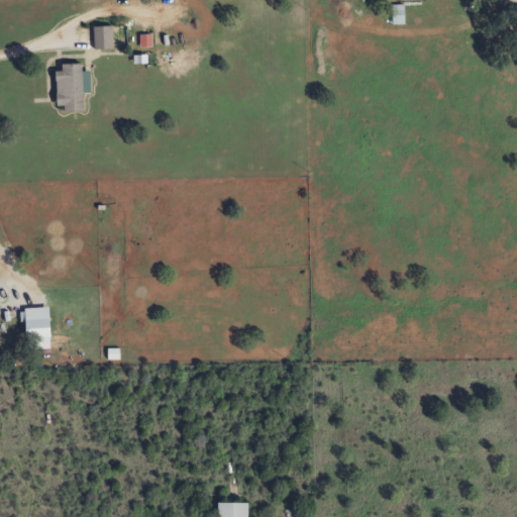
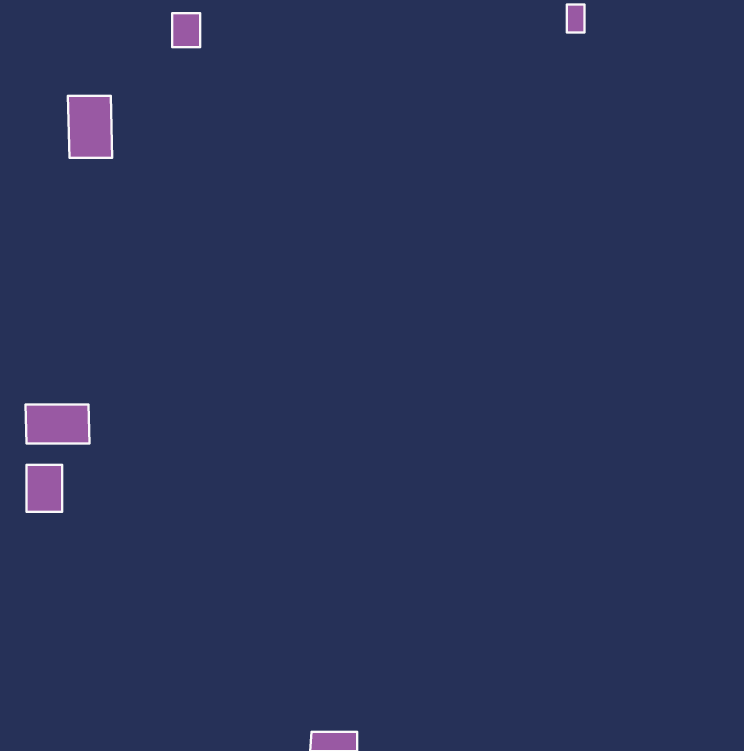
building: [94,26,113,49] -> [172,13,200,47]
building: none -> [26,405,89,444]

